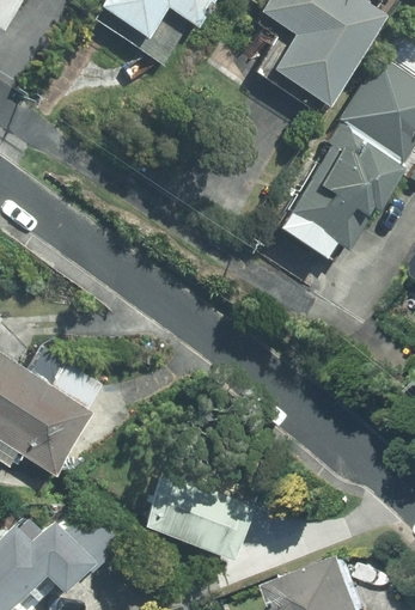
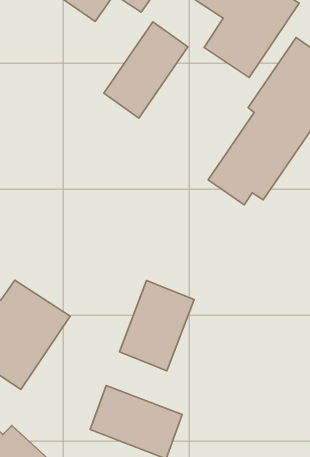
building: none -> [104,22,188,118]
building: none -> [119,281,194,371]

